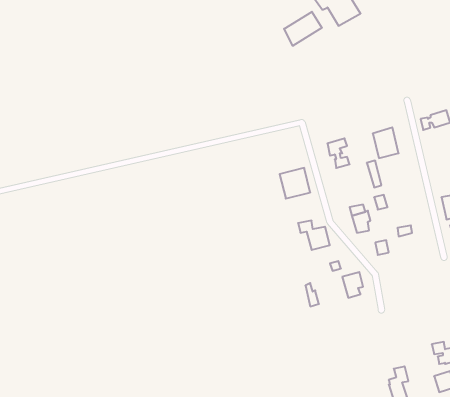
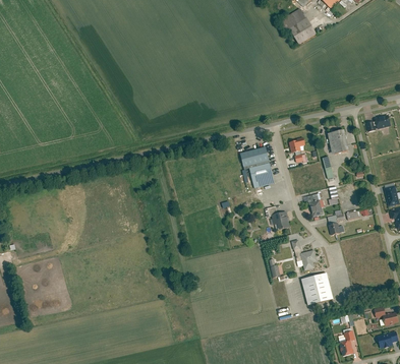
building: [284,12,322,46] -> none
building: none -> [239,145,270,169]
building: none -> [303,271,335,304]

